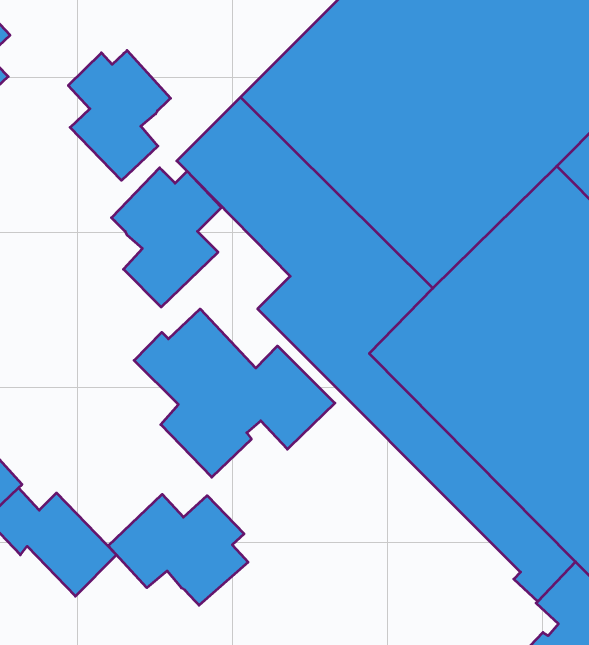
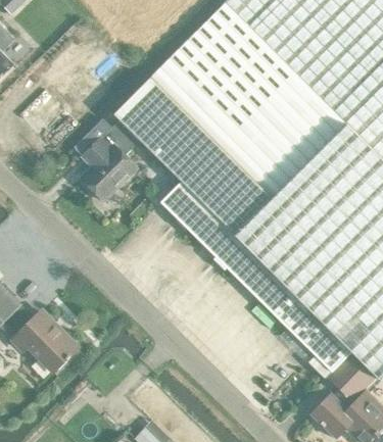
building: [68,50,171,180] -> none
building: [134,309,335,477] -> none
building: [108,494,248,605] -> none

